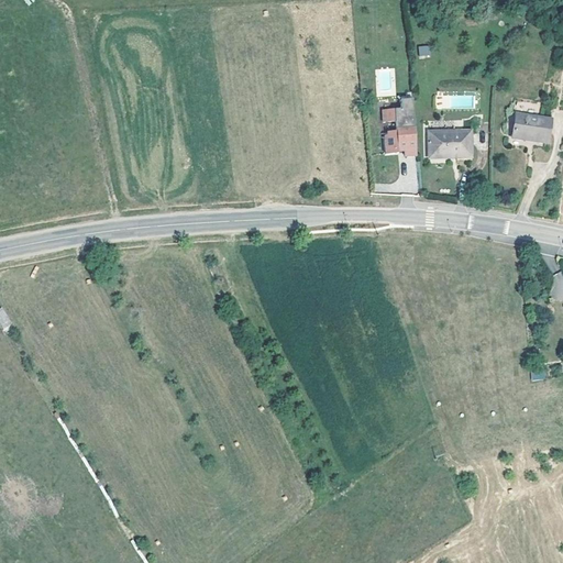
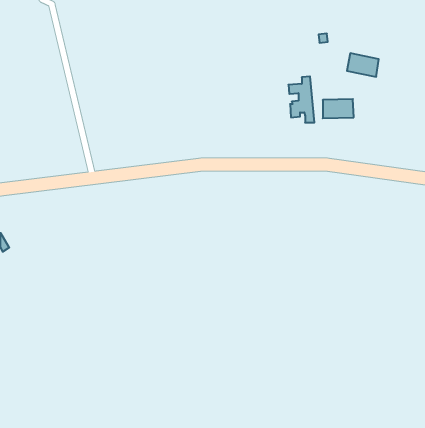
building: [510,111,552,142] -> [347,53,379,77]

